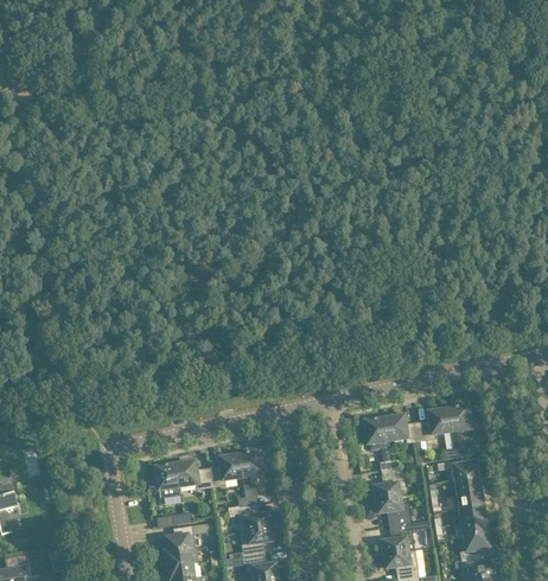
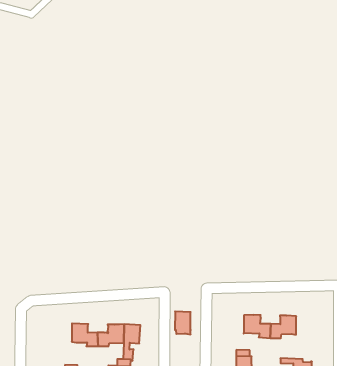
building: [447,406,472,458] -> none
building: [365,419,389,448] -> [175,311,191,334]
building: [157,464,180,497] -> none

